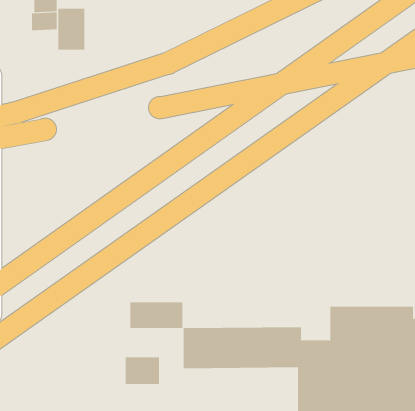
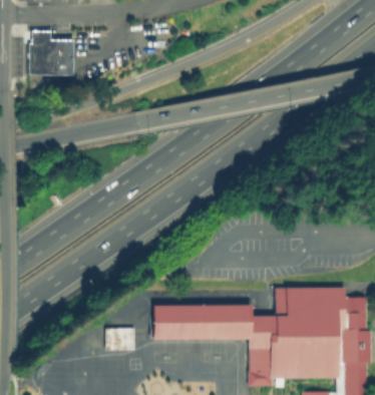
building: none -> [27,56,49,73]
building: [130,301,183,329] -> none

